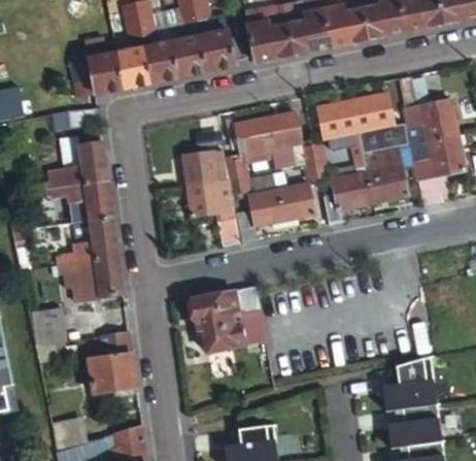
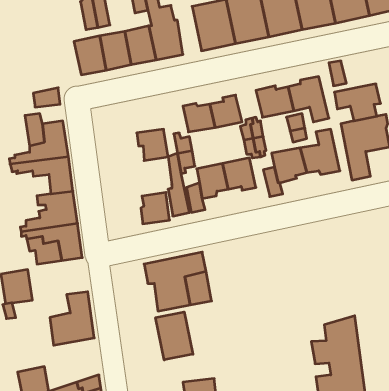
building: [69,53,123,99] -> none
building: [192,182,224,217] -> [141,192,170,224]
building: none -> [156,312,193,360]

